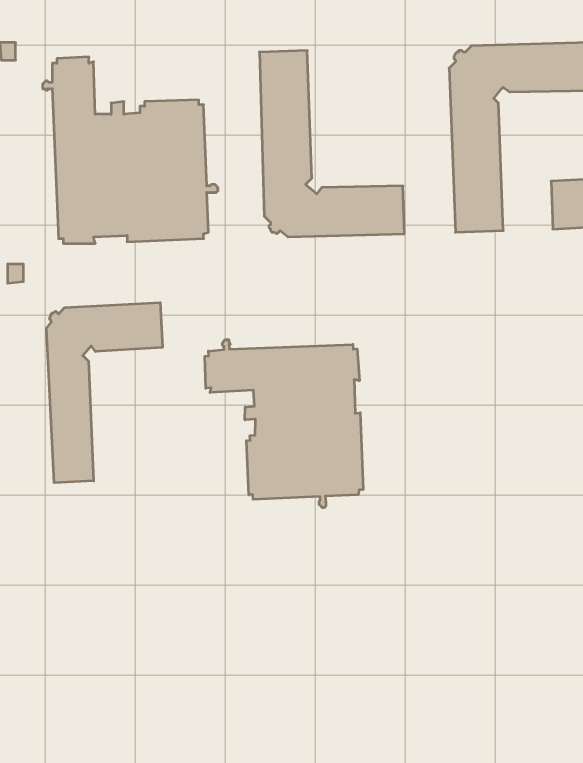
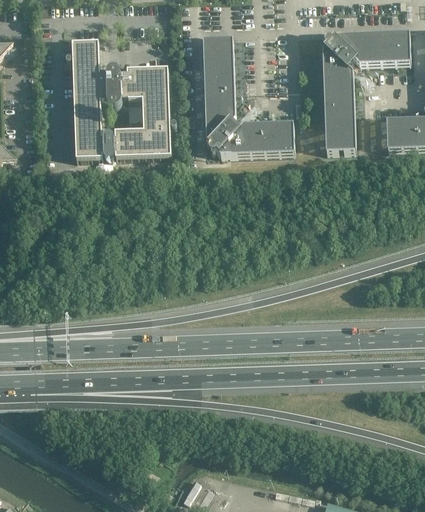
building: [46,303,162,483] -> none
building: [205,340,363,508] -> none

